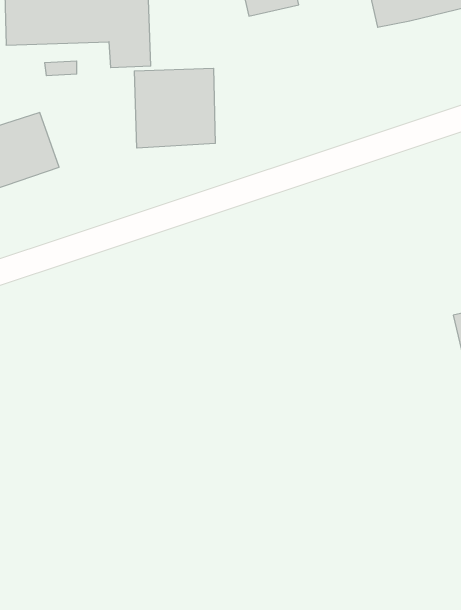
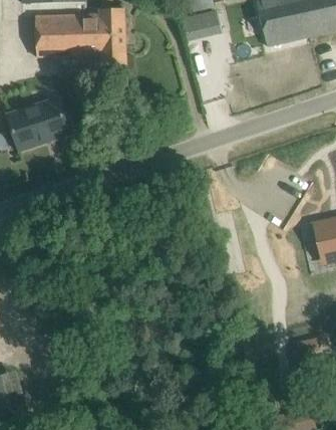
building: [134,68,215,148] -> none

